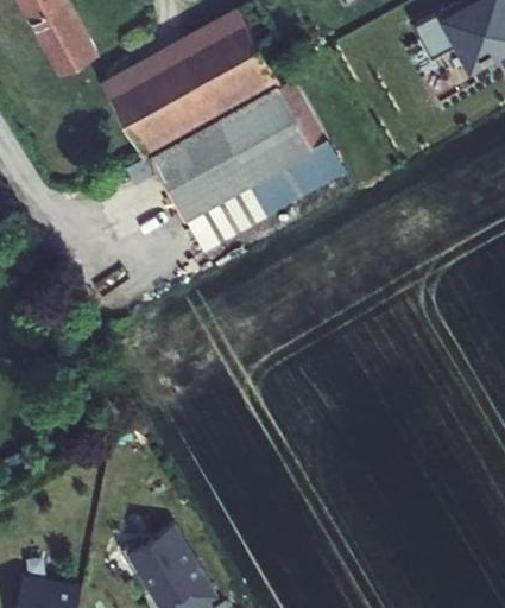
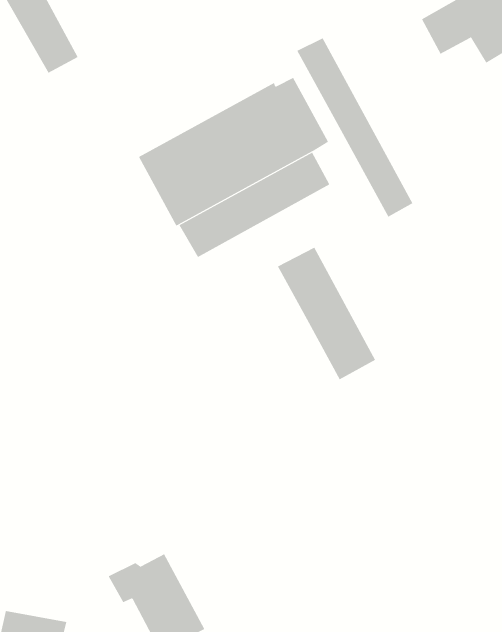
building: [107,11,277,154] -> none
building: none -> [297,38,413,218]
building: none -> [277,247,376,380]

